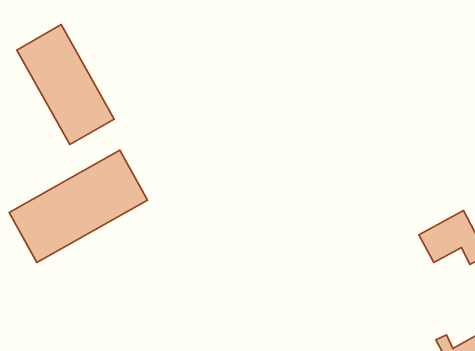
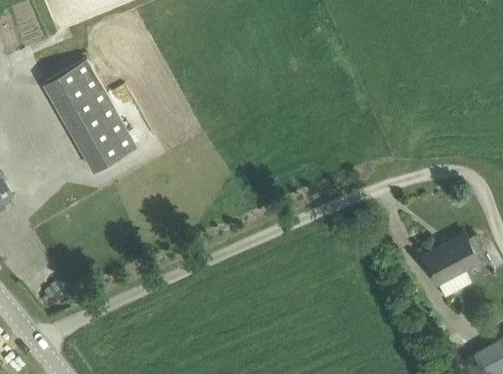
building: [9,150,147,263] -> none

